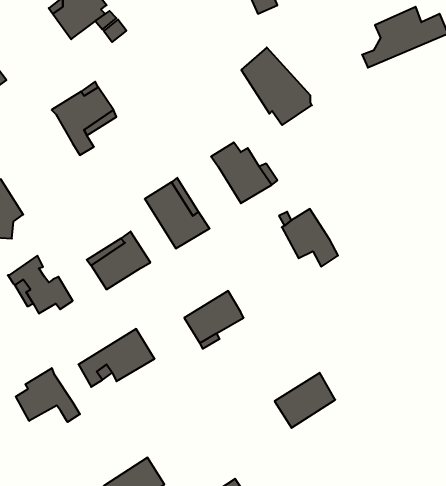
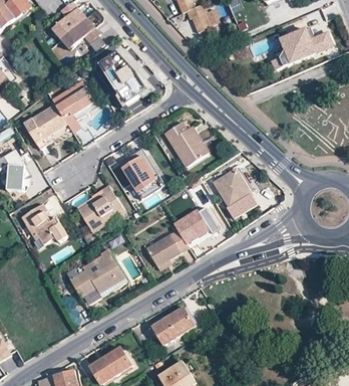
building: [241,47,312,125] -> [98,47,148,103]
building: none -> [23,103,66,148]
building: none -> [172,207,218,243]
building: [16,368,80,422] -> none
building: [275,373,335,428] -> [151,307,195,346]

